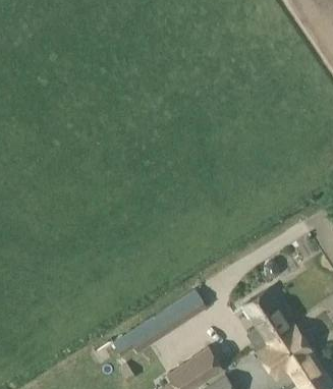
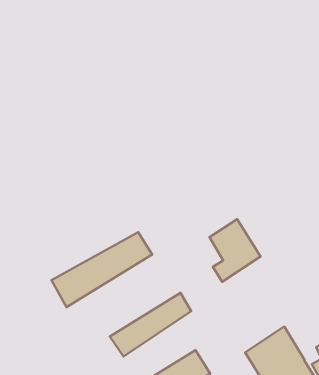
building: none -> [52,232,152,307]
building: [244,288,293,348] -> [210,219,260,282]

